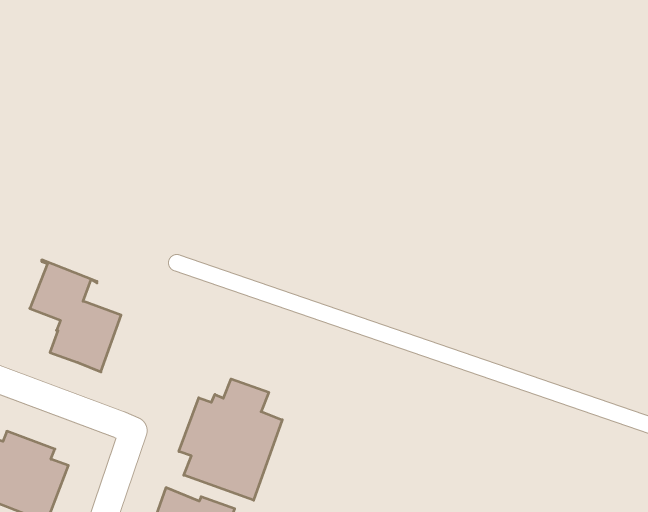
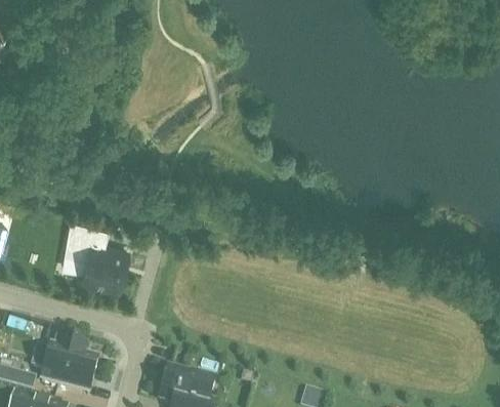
building: [179,379,282,500] -> none

